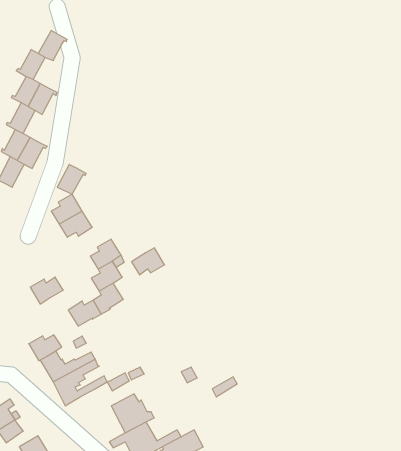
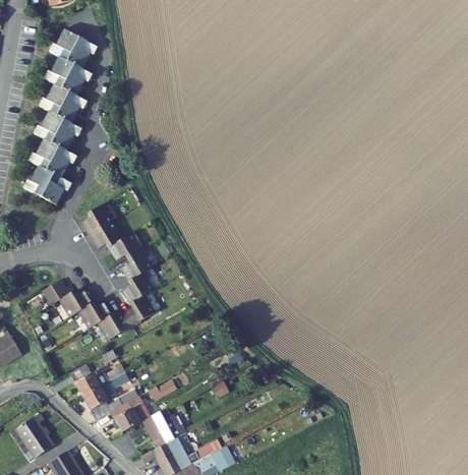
building: none -> [50,29,80,61]
building: none -> [62,65,92,96]
building: none -> [52,119,81,151]
building: [57,164,86,194] -> [41,174,70,204]
building: [132,248,165,275] -> [108,233,141,260]
building: none -> [41,280,73,304]
building: [29,335,62,361] -> [78,301,112,328]
building: none -> [110,403,145,432]

